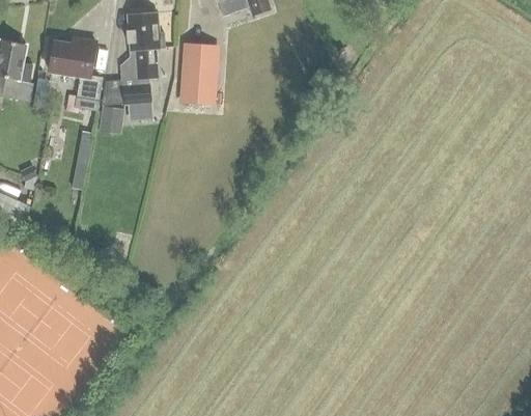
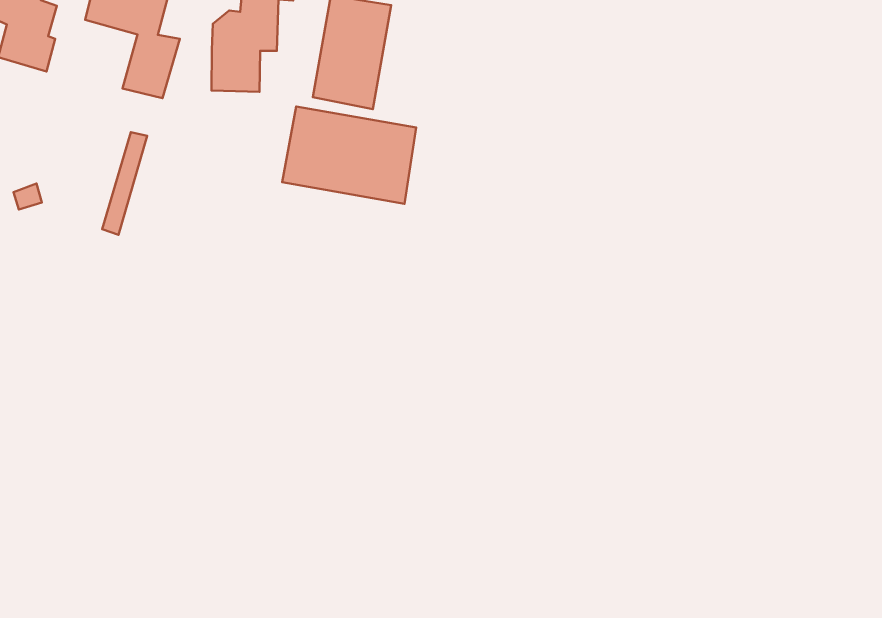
building: [99,106,123,134] -> none
building: none -> [282,107,416,204]

